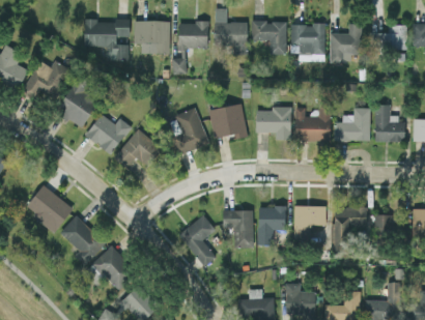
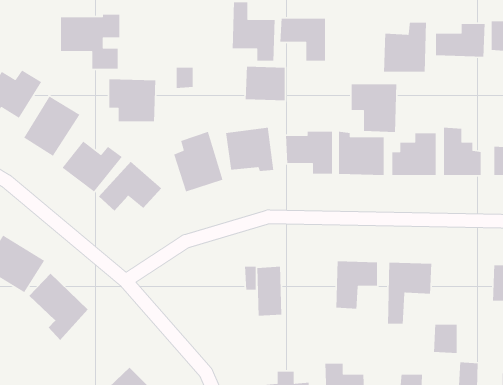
building: [134,20,170,53] -> [108,78,156,122]
building: [177,22,208,49] -> [245,66,286,101]
building: [290,24,325,61] -> [351,84,397,133]
building: [258,206,286,245] -> none
building: [178,214,216,266] -> none
building: [374,214,393,237] -> [433,324,458,354]
building: [83,245,136,290] -> none

